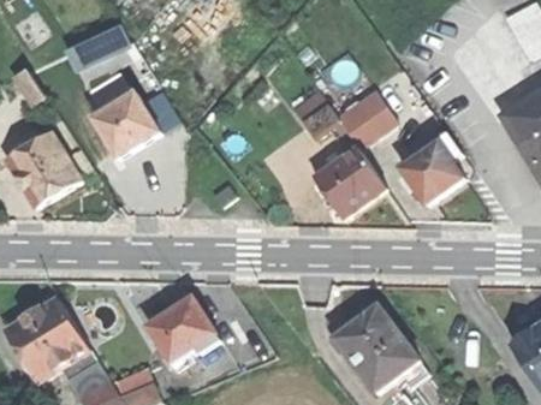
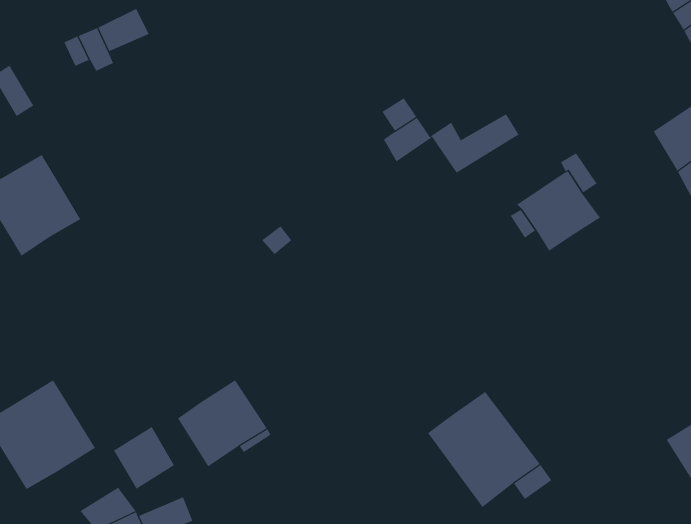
building: [93,90,159,156] -> none
building: [313,144,384,214] -> none
building: [60,347,106,394] -> [113,426,175,489]

